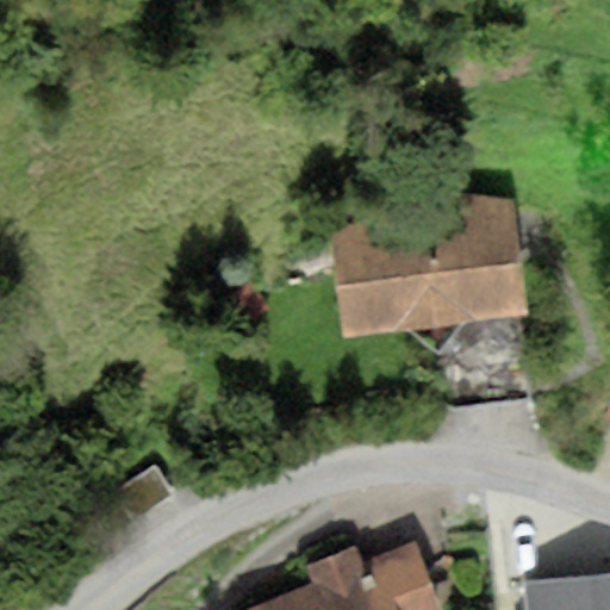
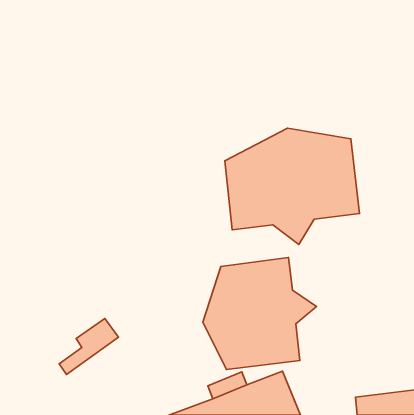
building: none -> [203,258,317,369]

